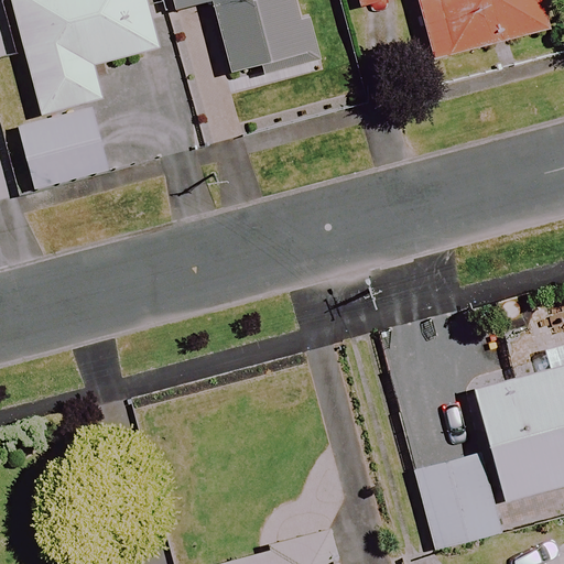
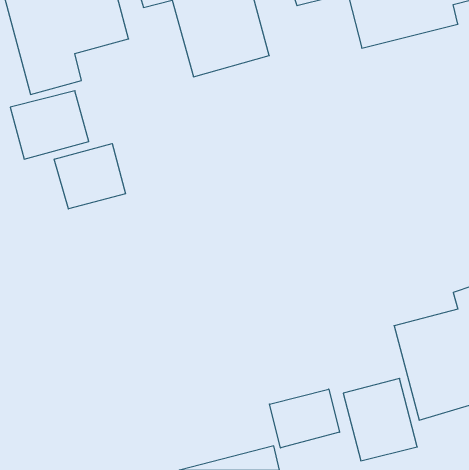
building: none -> [54,144,126,209]
building: none -> [269,389,340,448]

